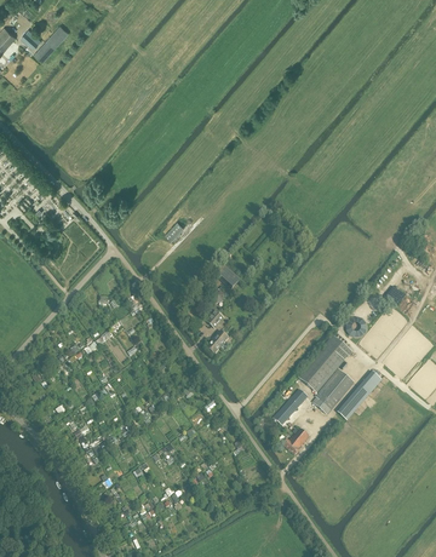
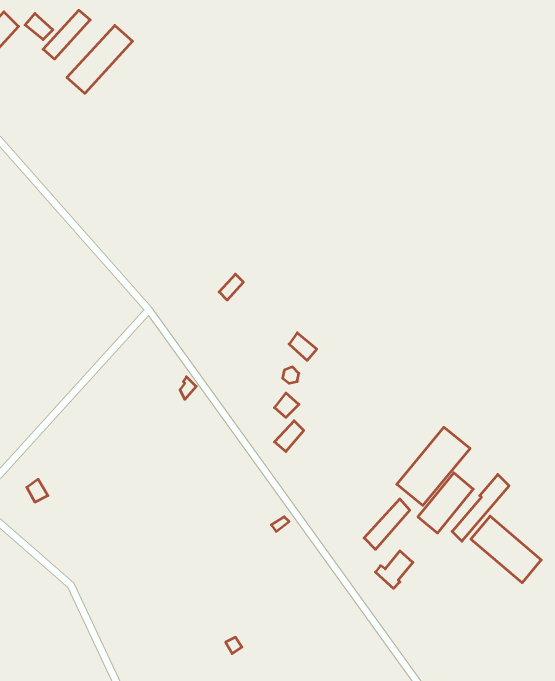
building: none -> [67,25,133,93]
building: none -> [471,516,541,583]

